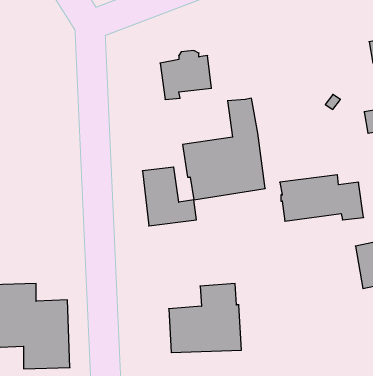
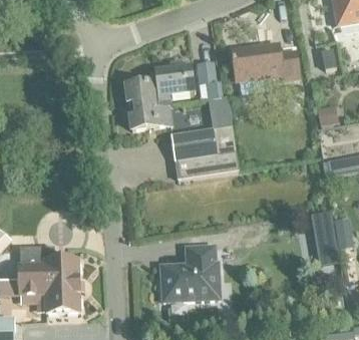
building: none -> [197,60,222,98]
building: [142,167,196,226] -> [125,80,168,127]
building: [280,175,364,221] -> [232,42,299,79]

